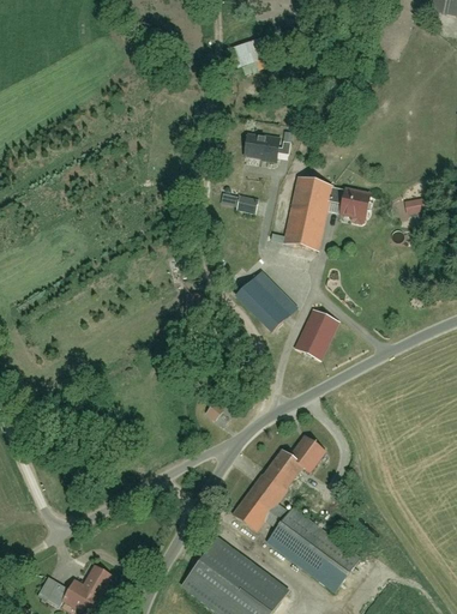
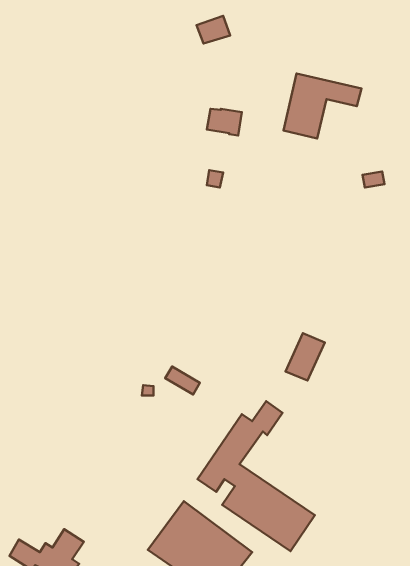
building: [284,180,365,247] -> [284,73,361,139]
building: [236,272,294,330] -> none
building: [295,313,336,362] -> [286,333,325,381]

